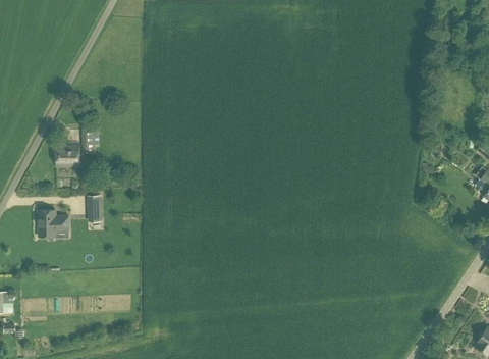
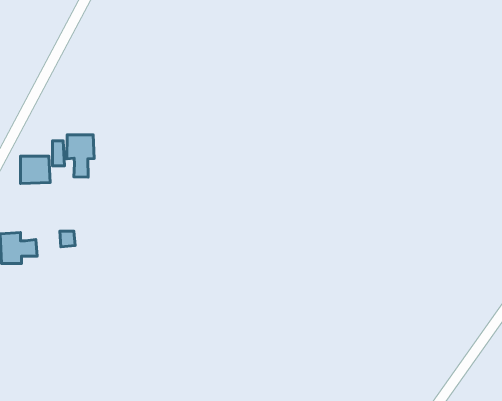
building: none -> [67,135,94,177]

